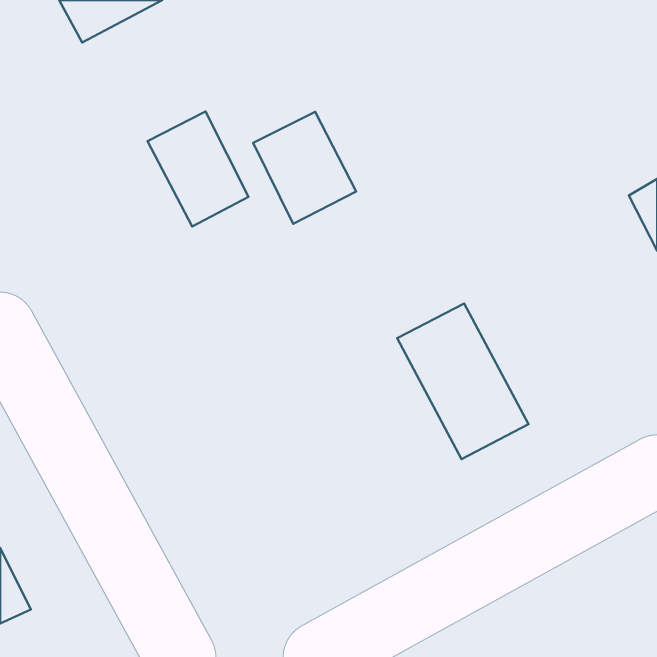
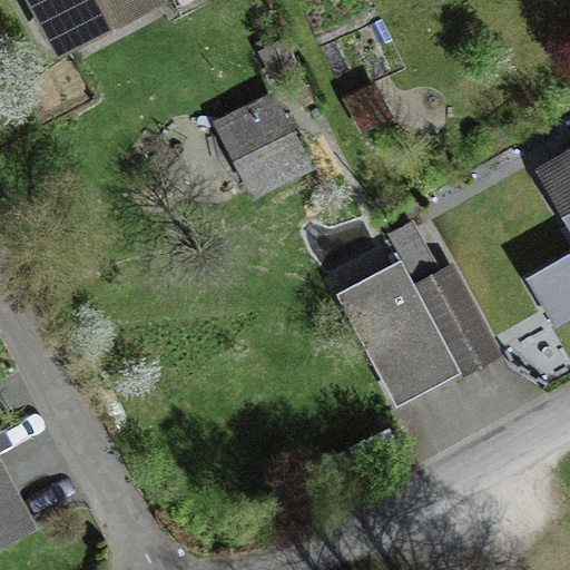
building: [147,112,249,226] -> none

